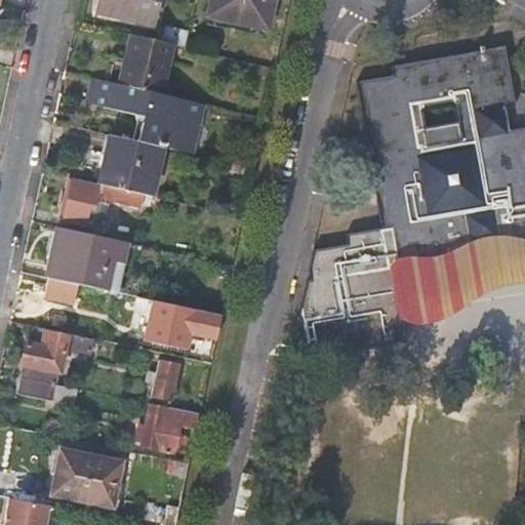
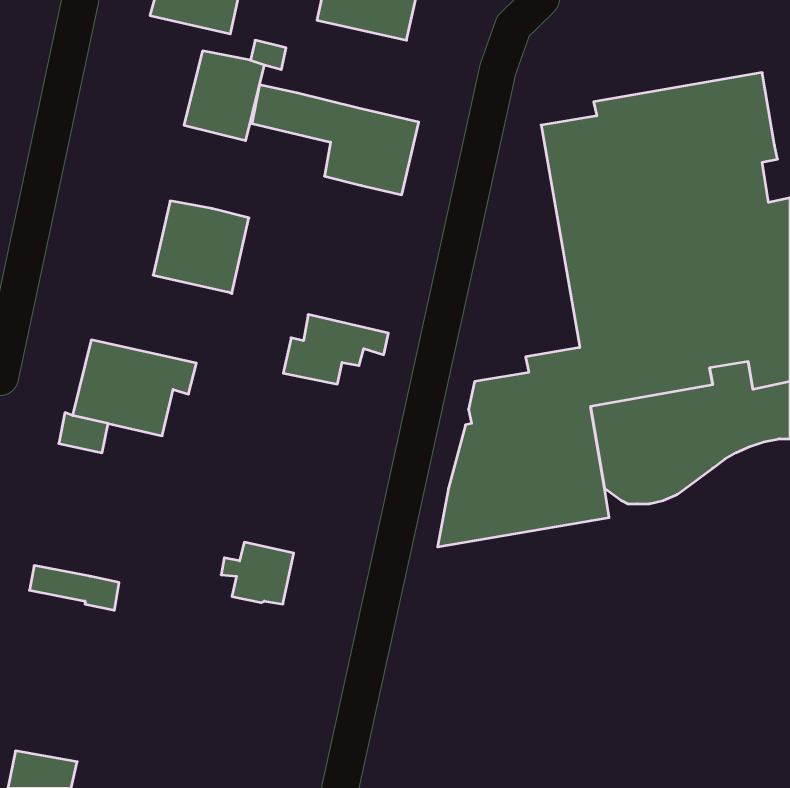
building: [92,78,203,151] -> [252,85,419,195]
building: [67,177,152,221] -> none
building: [154,302,224,349] -> [283,315,388,384]
building: [23,326,94,382] -> none
building: [135,402,202,452] -> none
building: [53,449,124,506] -> none

